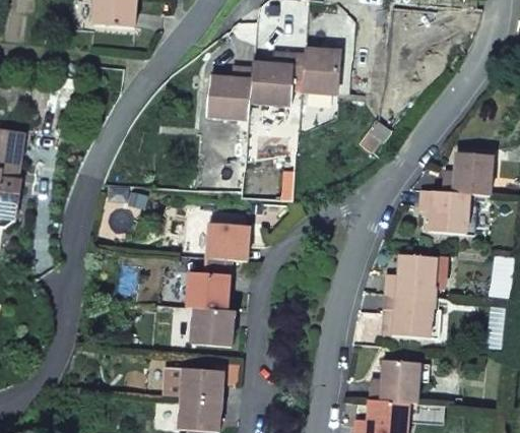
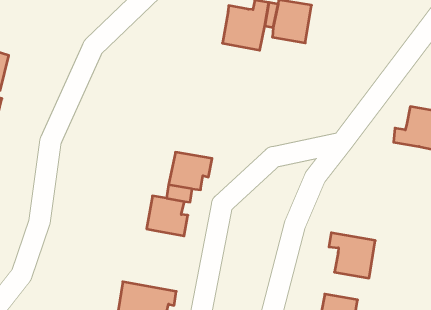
building: [208,66,253,119] -> none
building: [420,190,469,234] -> none
building: [384,254,435,298] -> none
building: [192,308,234,347] -> none

